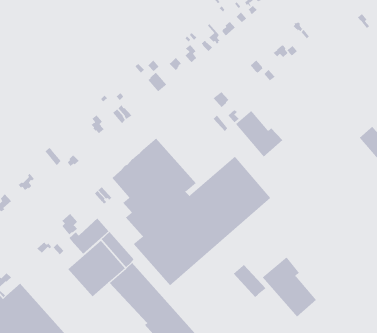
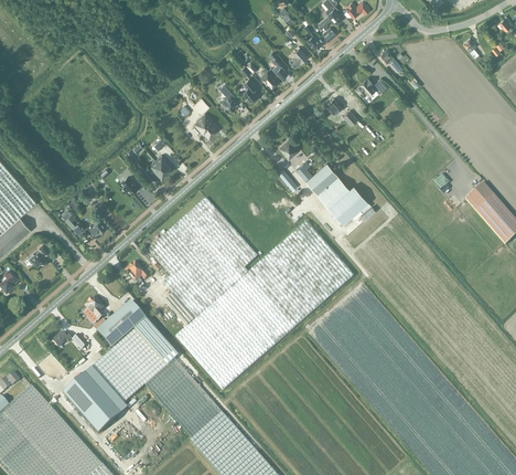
building: [262,256,317,317] -> none
building: [233,263,266,298] -> none
building: none -> [63,367,127,433]

